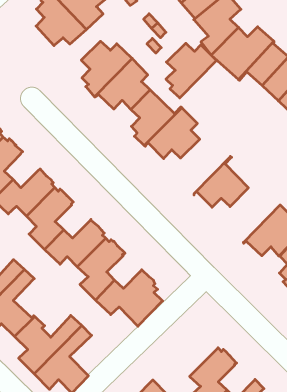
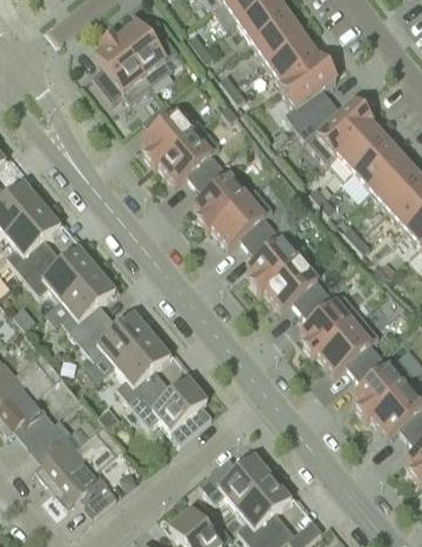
building: [166,43,216,98] -> [245,228,307,292]
building: none -> [299,291,360,355]
building: none -> [198,453,271,508]

